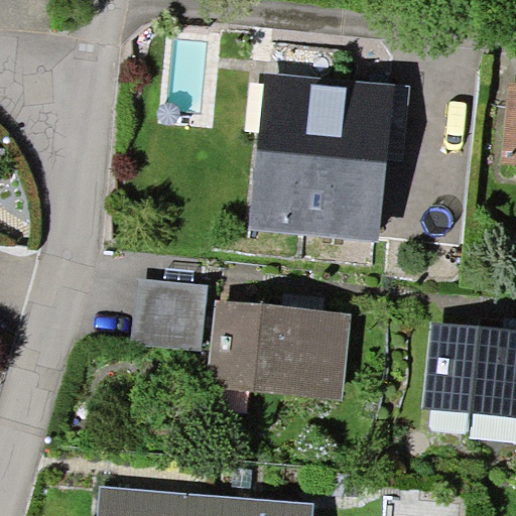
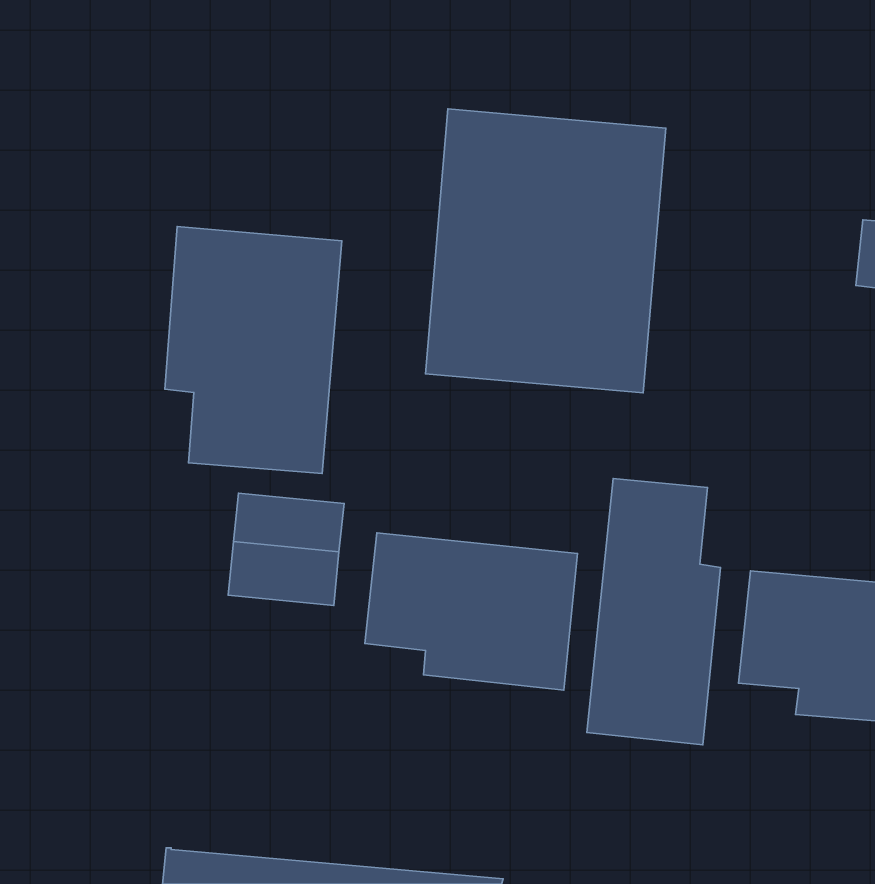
building: none -> [165,226,342,473]
building: none -> [587,479,720,745]

